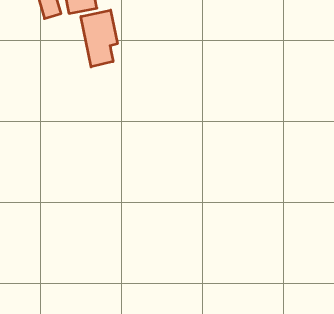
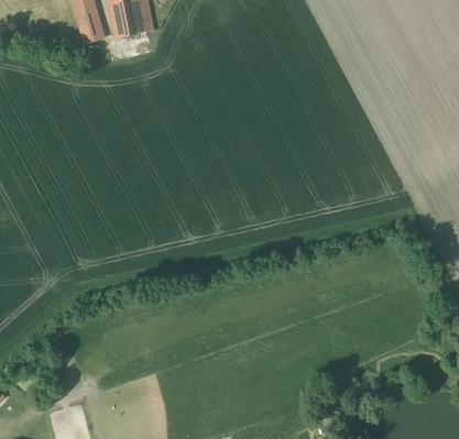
building: [81,10,117,67] -> none

